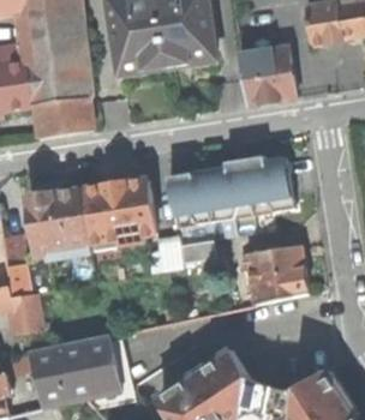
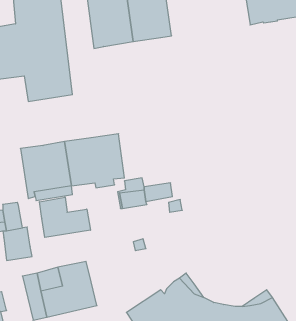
building: [237,47,293,104] -> none
building: [167,157,293,224] -> none
building: [239,245,306,302] -> none
building: none -> [39,197,90,237]

